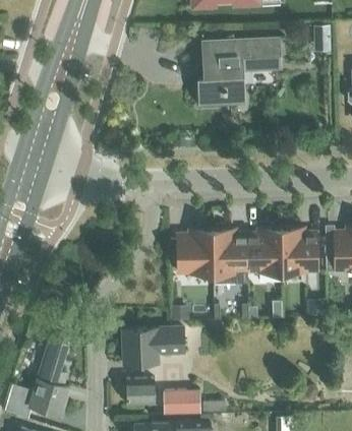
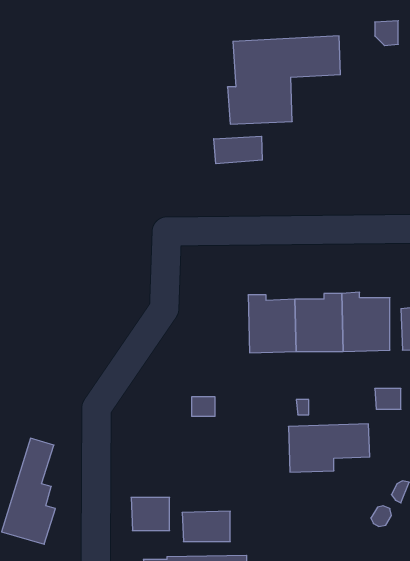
building: none -> [214,136,262,164]
building: [178,231,214,273] -> none
building: [124,328,184,364] -> [288,424,370,472]

